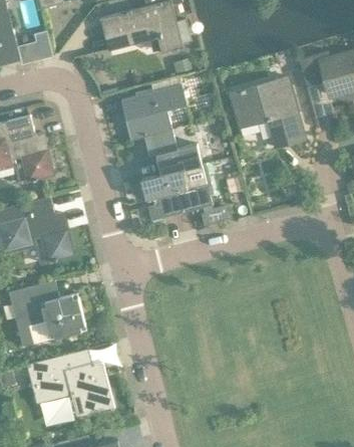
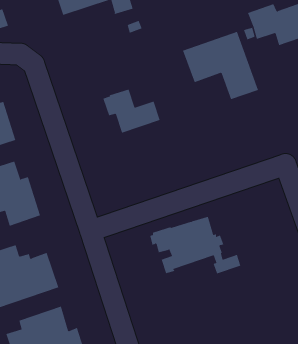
building: [120,84,187,141] -> none
building: [137,166,230,226] -> [149,216,241,274]

